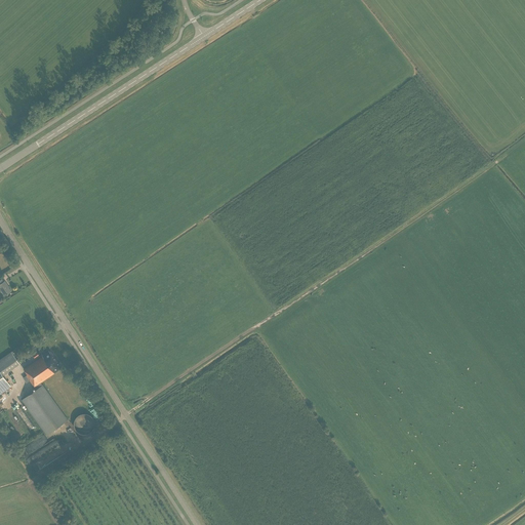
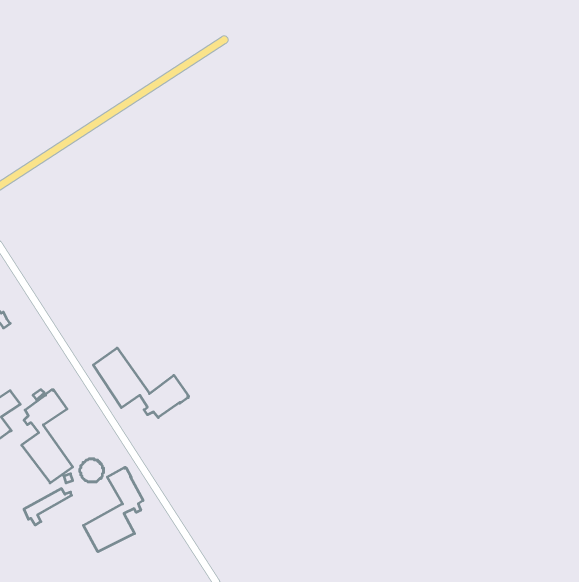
building: none -> [93,348,189,418]
building: none -> [83,467,143,552]

